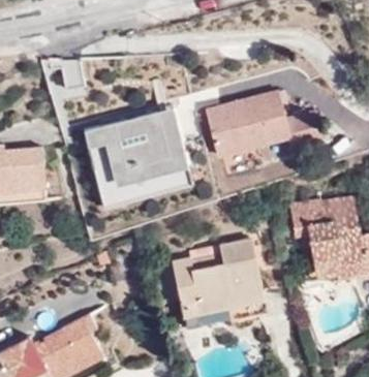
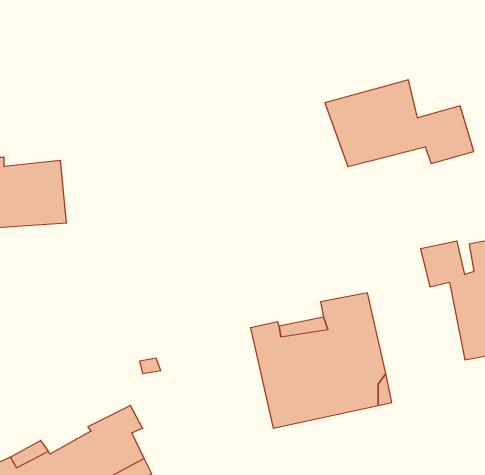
building: [82,107,192,205] -> none
building: [206,107,238,155] -> none

